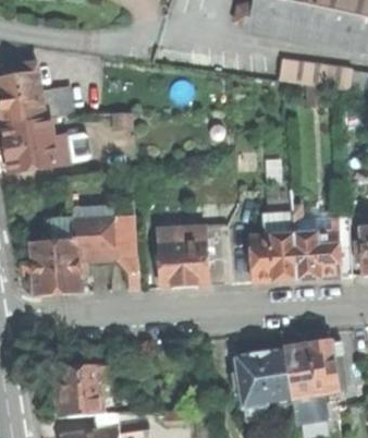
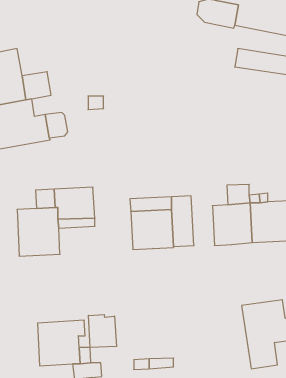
building: [230,349,291,421] -> none
building: none -> [88,315,117,347]

